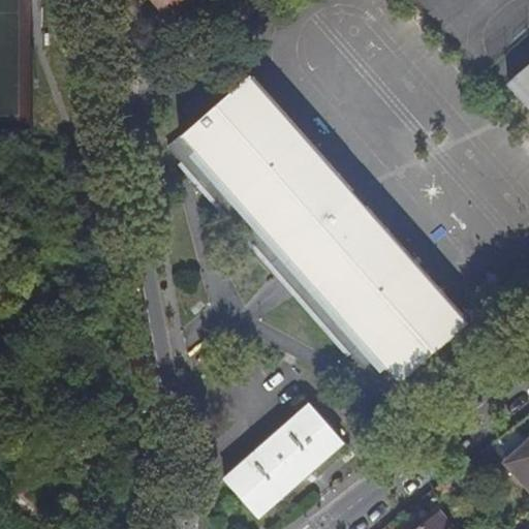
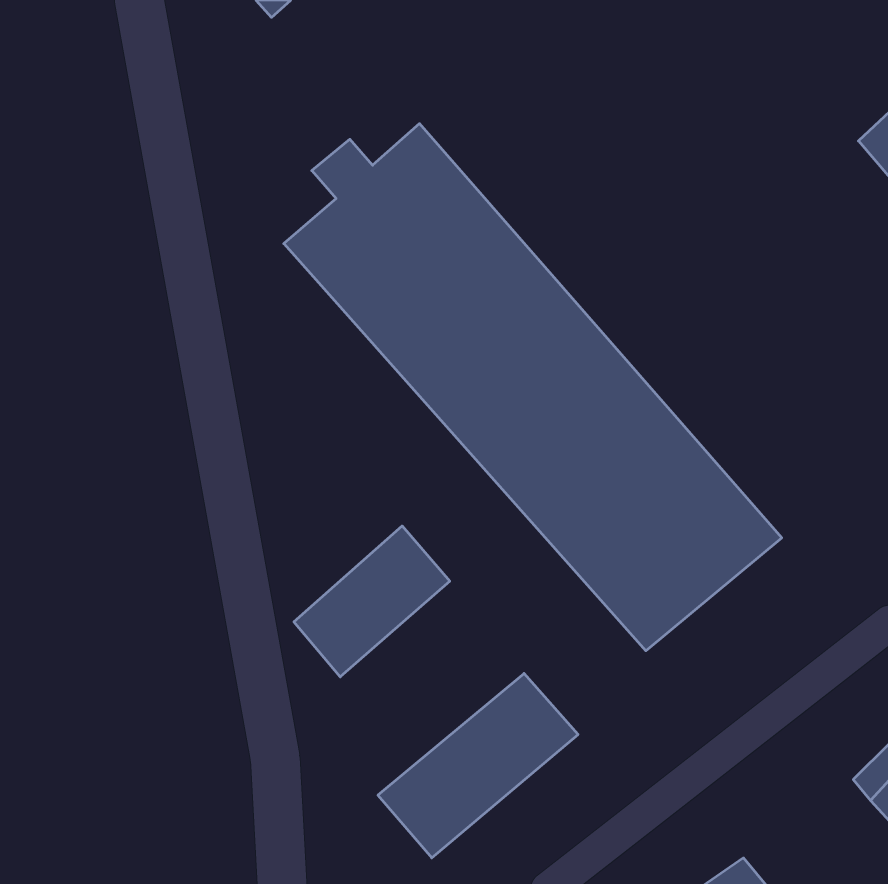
building: none -> [294,526,450,677]

